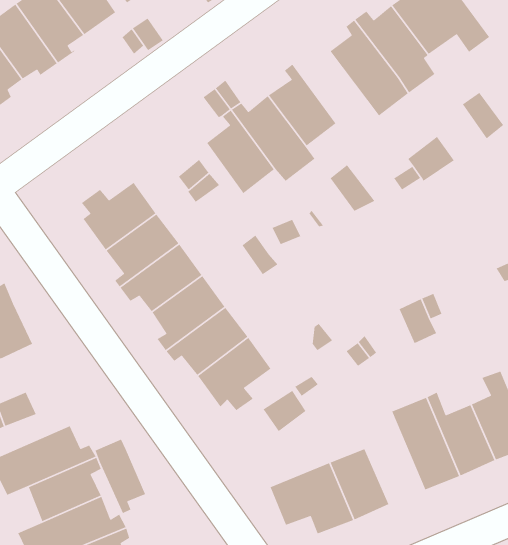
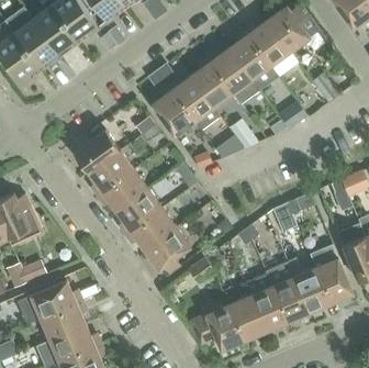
building: none -> [206,48,260,103]
building: none -> [246,272,289,331]
building: [94,438,146,514] -> none

